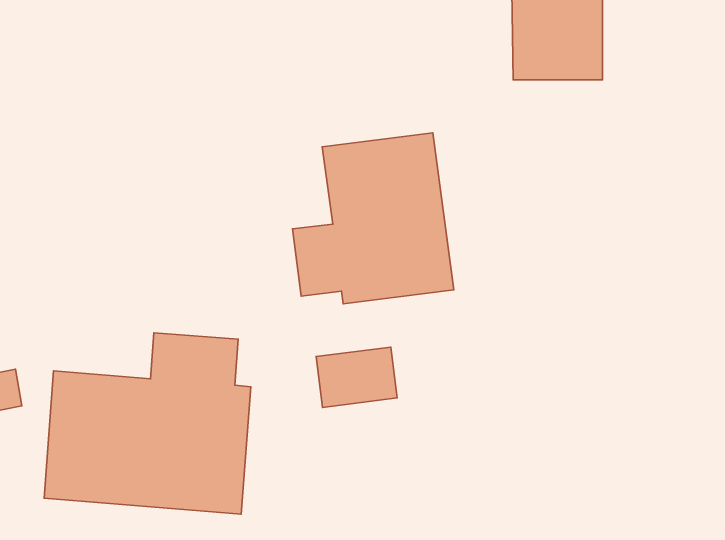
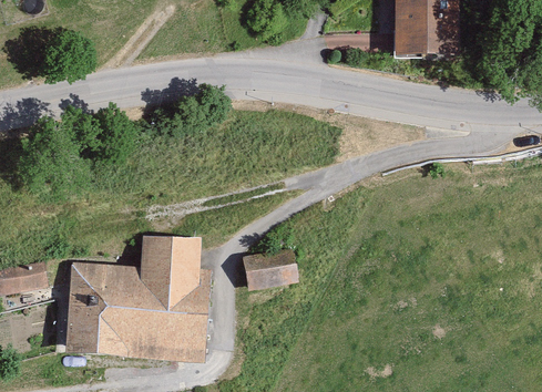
building: [293,133,454,304] -> none

